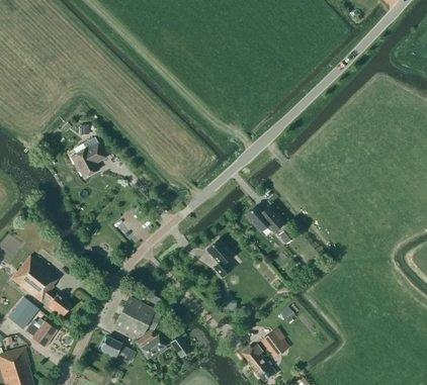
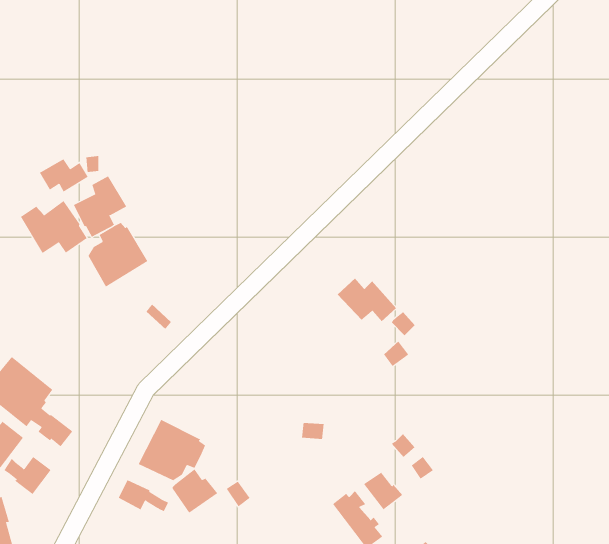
building: none -> [39,158,88,192]
building: none -> [20,200,88,254]
building: none -> [88,222,148,288]
building: [205,238,233,276] -> none

